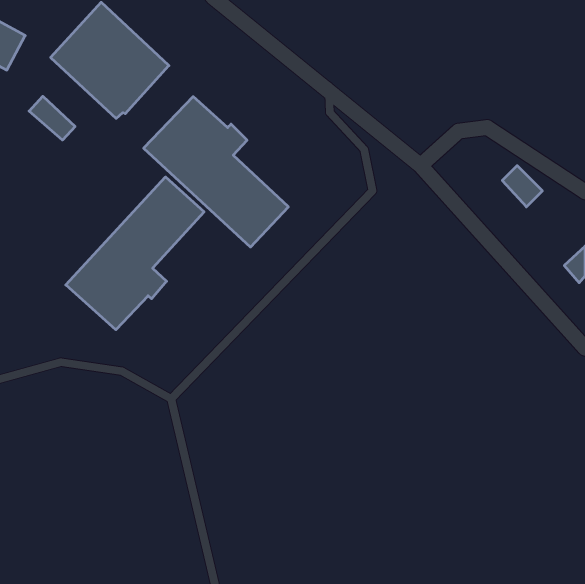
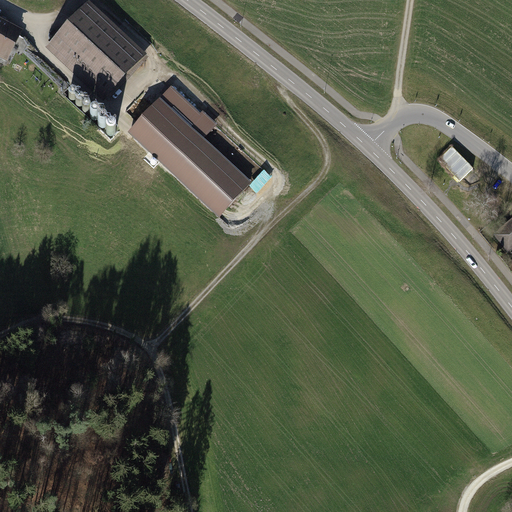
building: [29,96,75,140] -> none
building: [66,177,204,330] -> none

